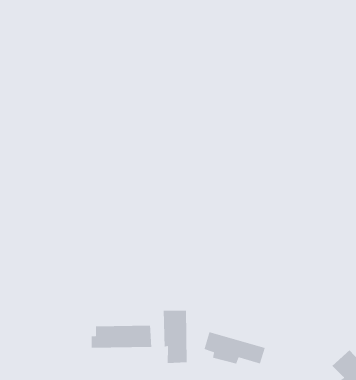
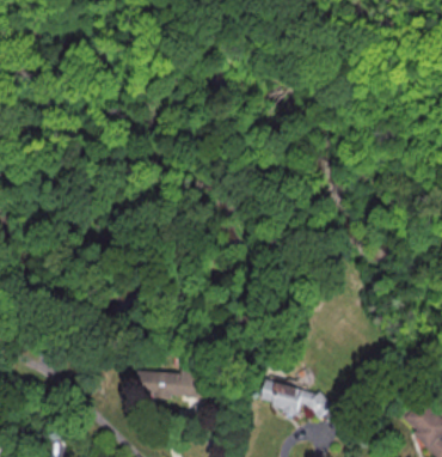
building: [163,310,188,364] -> none

